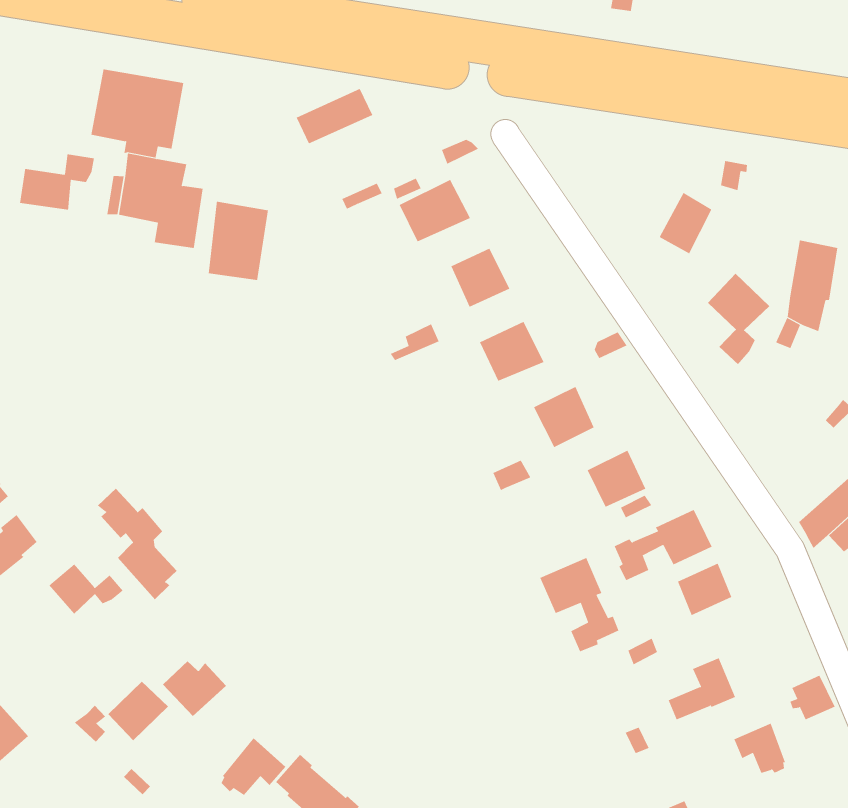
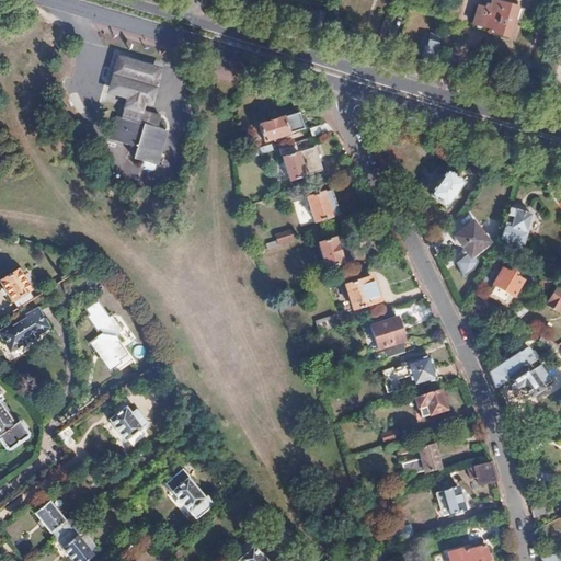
building: [296,88,373,144] -> [260,112,305,140]
building: [20,154,94,210] -> none
building: [208,201,268,281] -> none
building: none -> [491,263,523,302]
building: [540,557,619,652] -> none
building: [49,563,123,614] -> none
building: [107,681,169,741] -> none
building: [221,737,286,796] -> none

